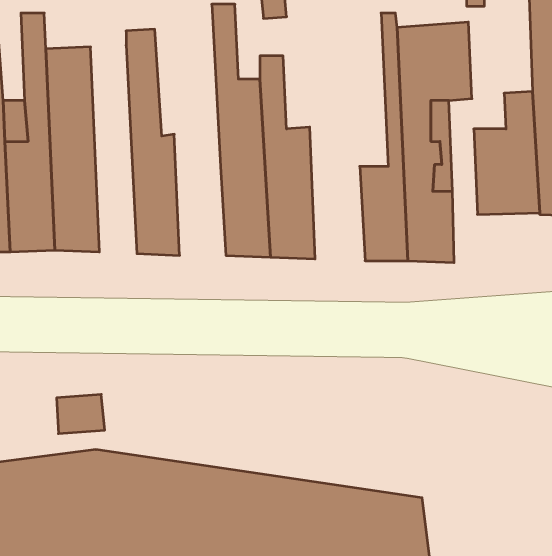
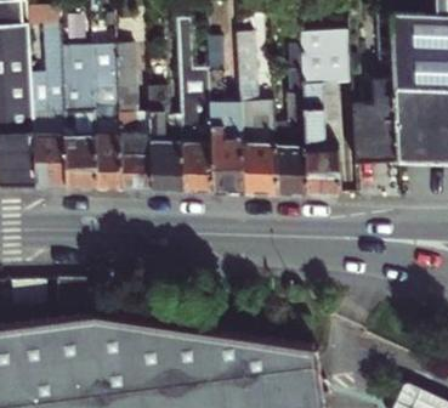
building: none -> [237,28,278,191]
building: none -> [91,44,123,186]
building: none -> [147,84,183,187]

